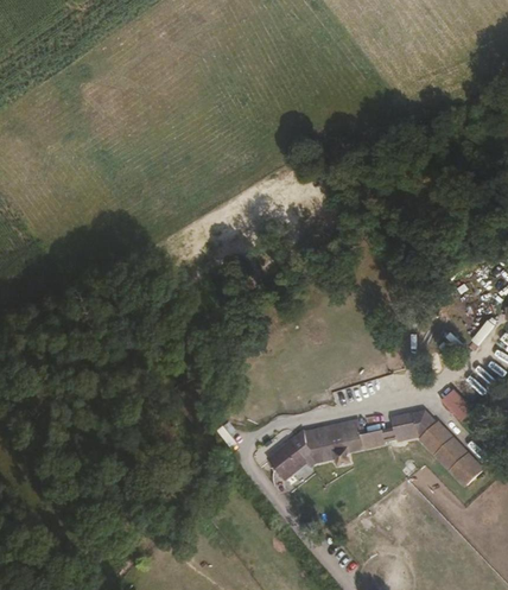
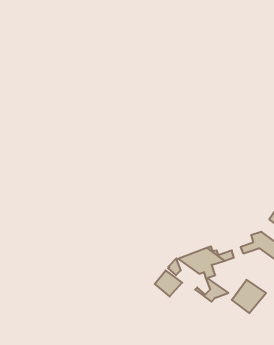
building: [281,431,328,465] -> [195,278,228,302]
building: none -> [232,280,266,313]

